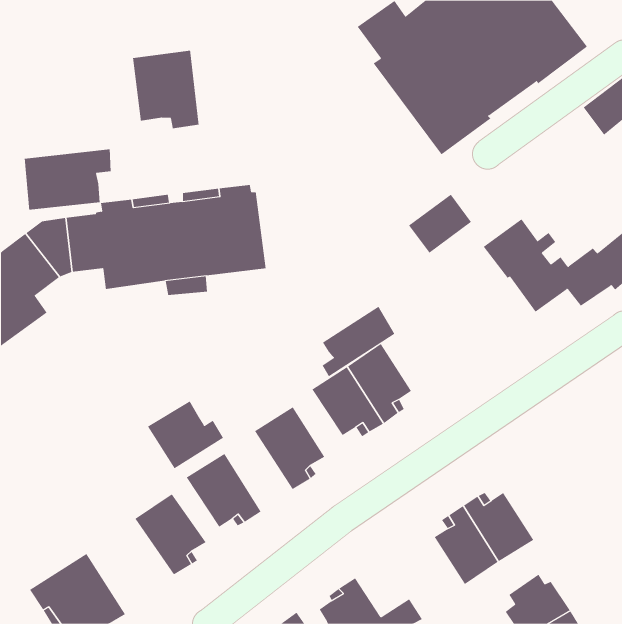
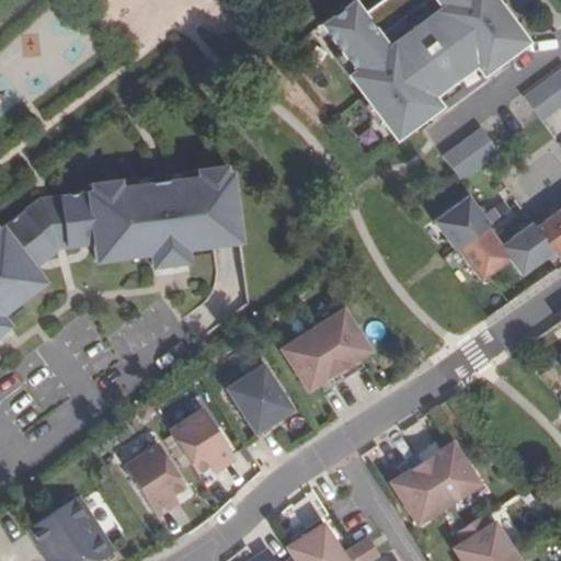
building: [132,50,199,129] -> none
building: [24,148,111,211] -> none
building: [408,194,472,254] -> [444,127,501,181]
building: [322,306,395,377] -> none
building: [147,400,224,469] -> none

